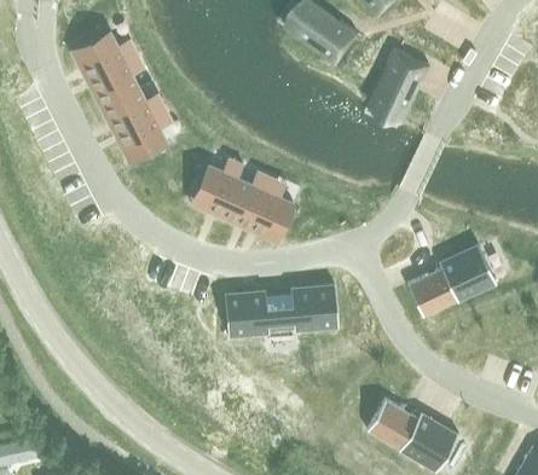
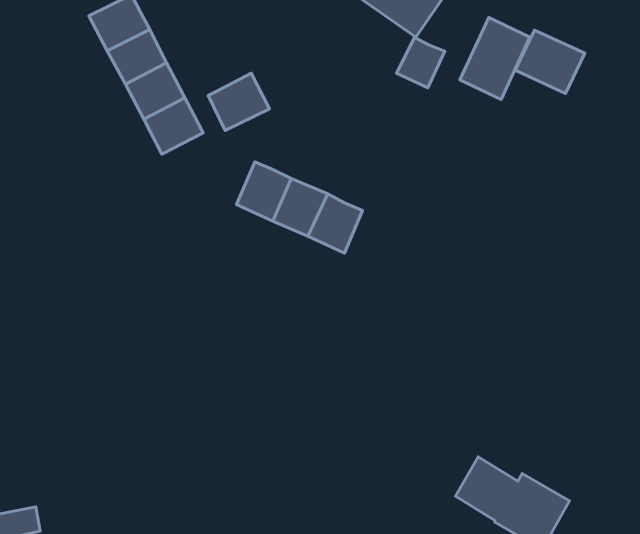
building: none -> [515,30,585,93]
building: none -> [397,37,445,88]
building: none -> [208,73,270,130]
building: [407,243,497,317] -> none
building: [225,284,339,337] -> none

